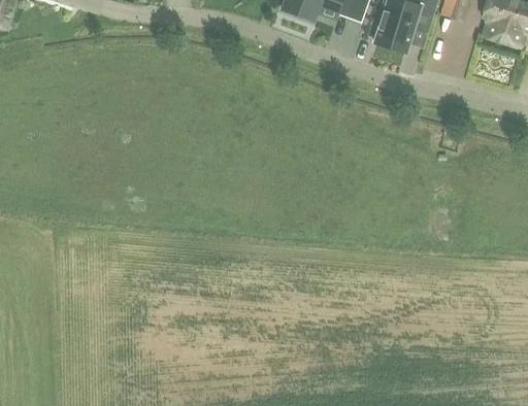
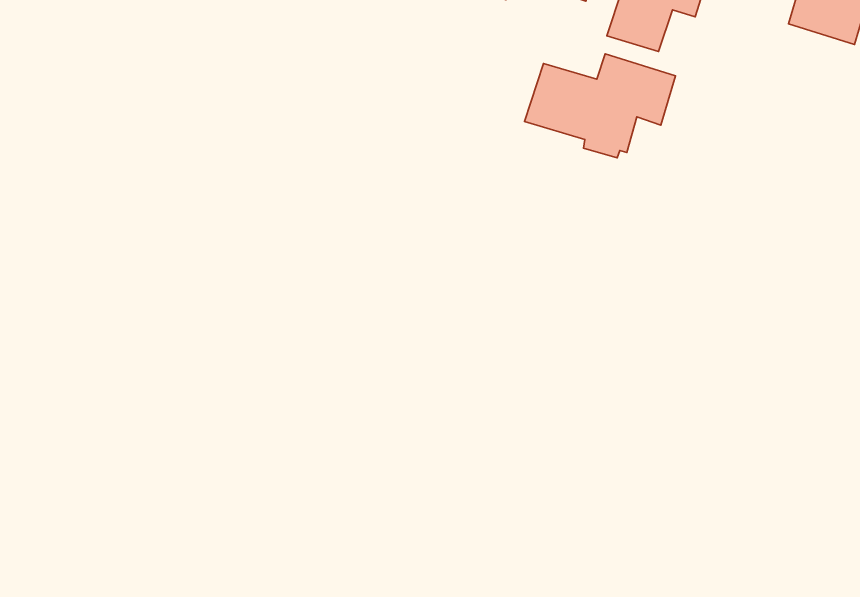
building: none -> [524,54,676,158]

